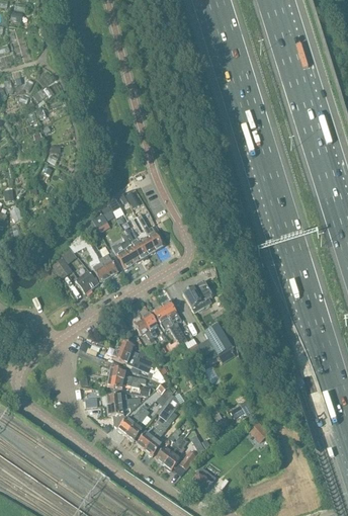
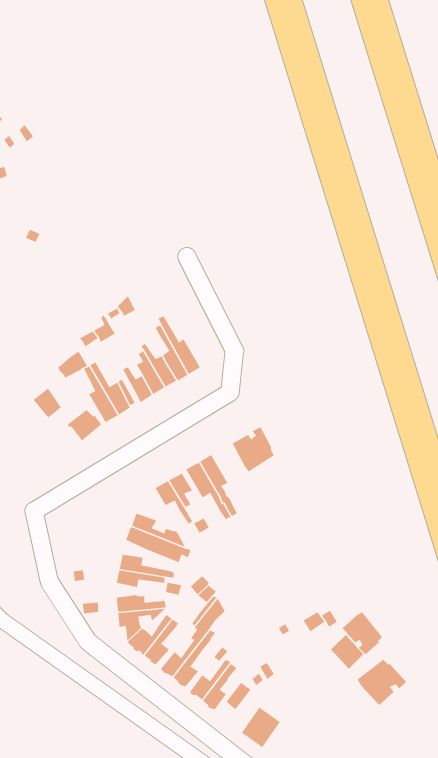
building: [203,322,232,353] -> none
building: none -> [342,611,383,655]
building: none -> [357,659,407,706]

